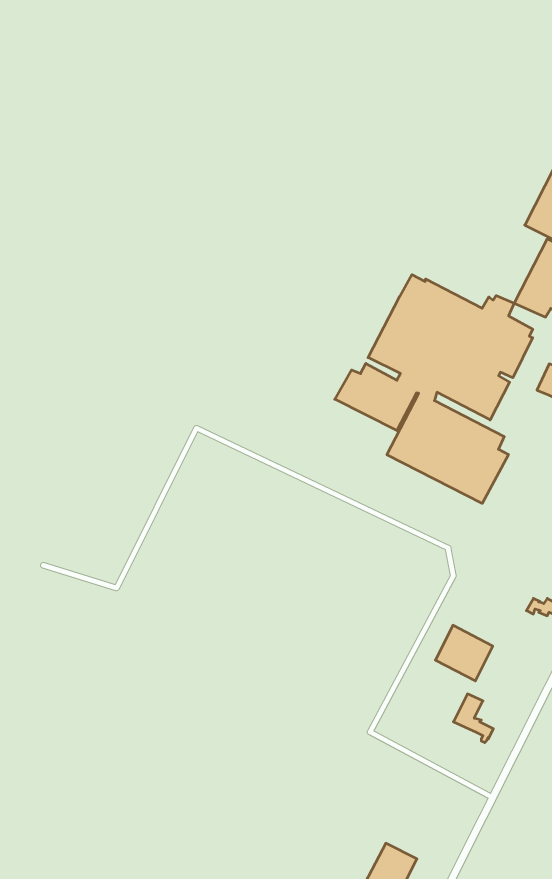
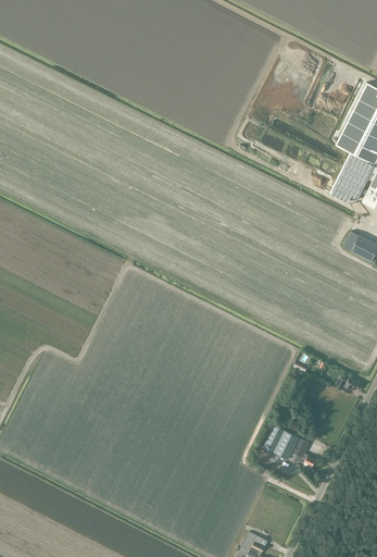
building: [335,275,533,503] -> none
building: [435,625,493,681] -> [263,425,299,460]

